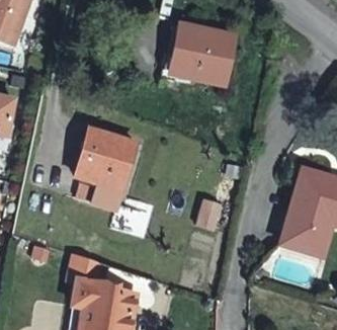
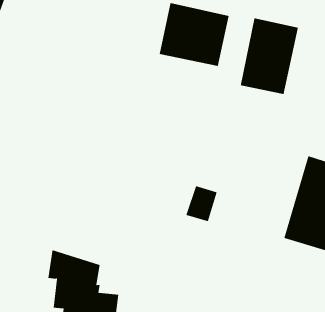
building: none -> [240,18,299,95]
building: [75,131,135,212] -> none

